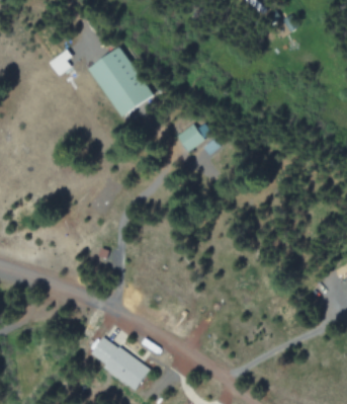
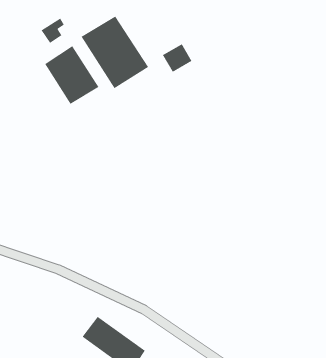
building: none -> [44,45,100,105]
building: [175,124,204,152] -> [162,43,193,73]

